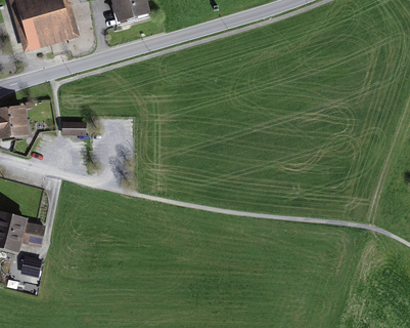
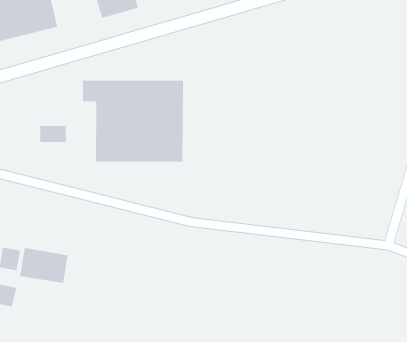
building: none -> [82,80,184,163]
building: none -> [19,247,69,284]

